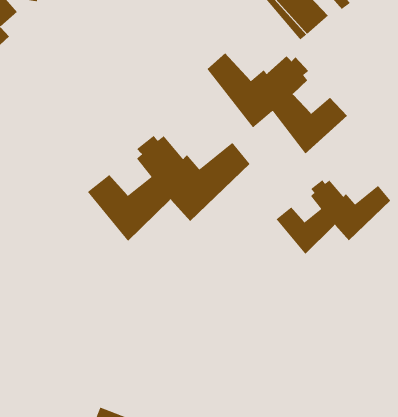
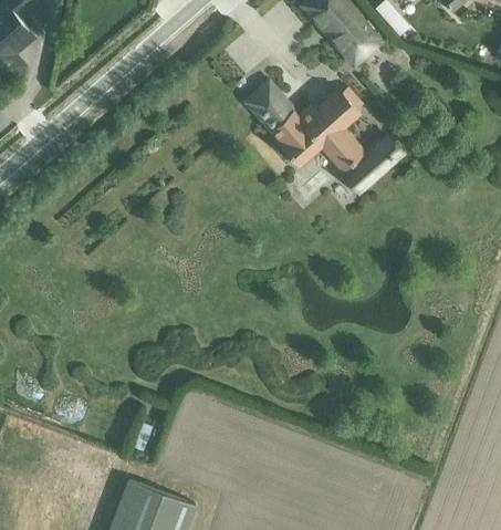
building: [87,135,251,242] -> none
building: [275,179,391,255] -> none

